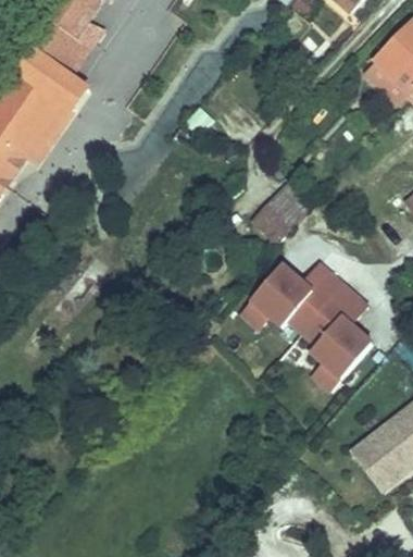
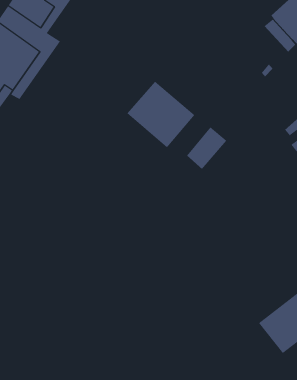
building: none -> [127,81,195,148]
building: [246,276,377,403] -> none

